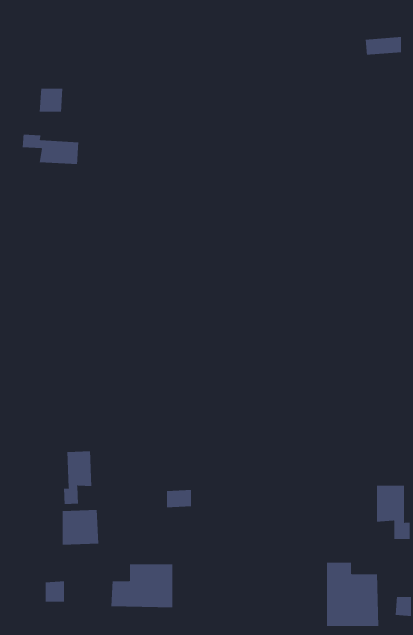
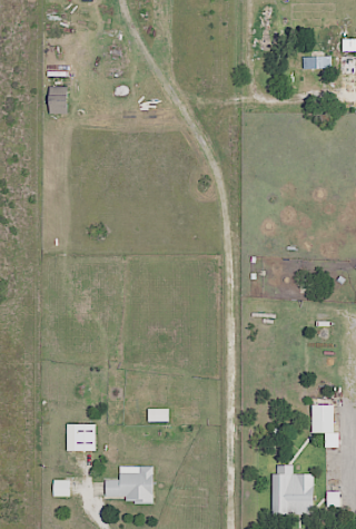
building: [22,134,79,165] -> none
building: [63,451,92,505] -> none

